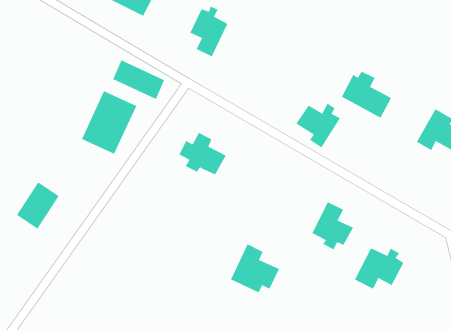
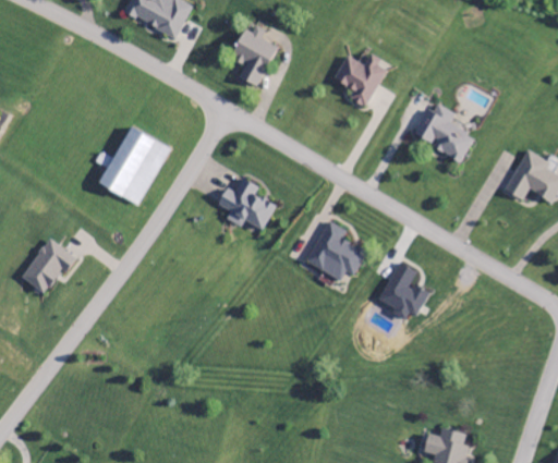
building: [112,60,165,100] -> none
building: [296,103,341,148] -> [332,52,387,107]
building: [230,244,280,293] -> [305,220,365,280]
building: [354,247,404,289] -> none

